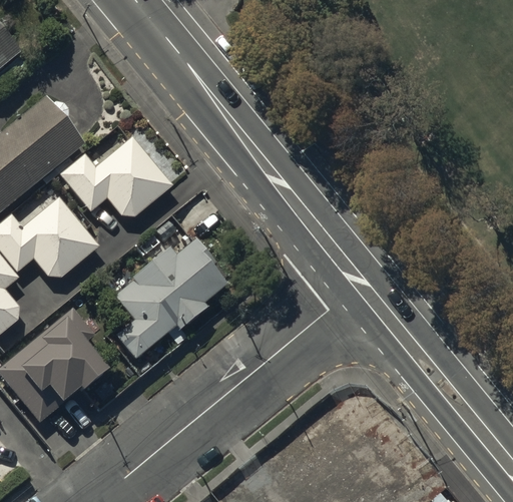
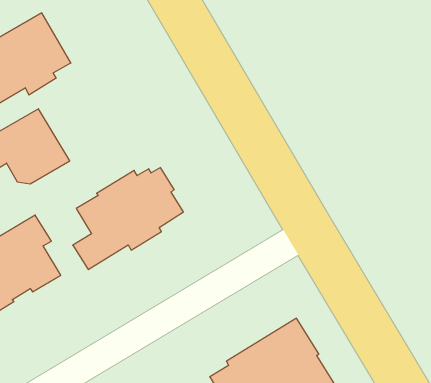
building: [58,137,171,217] -> none

